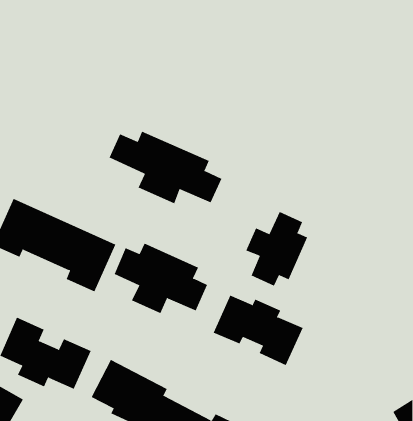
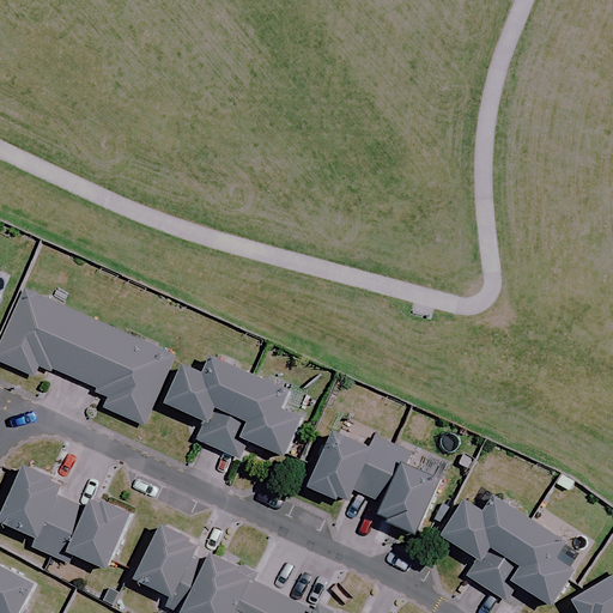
building: [109,131,222,204] -> none
building: [245,211,308,287] -> none
building: none -> [439,493,575,605]

